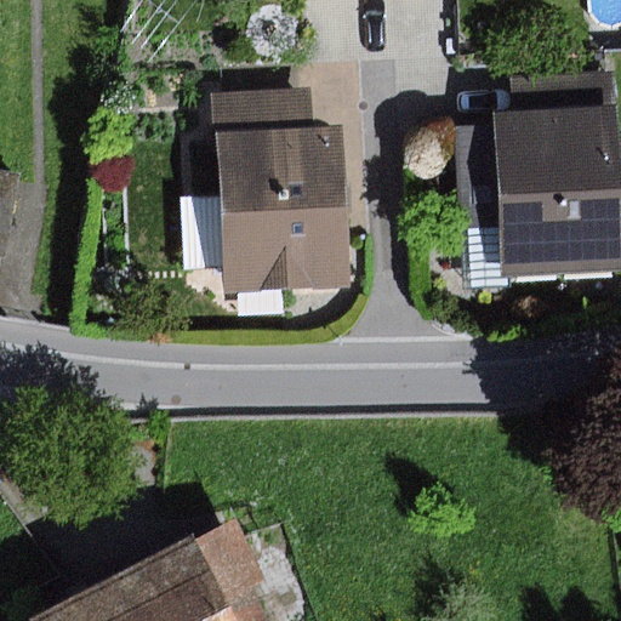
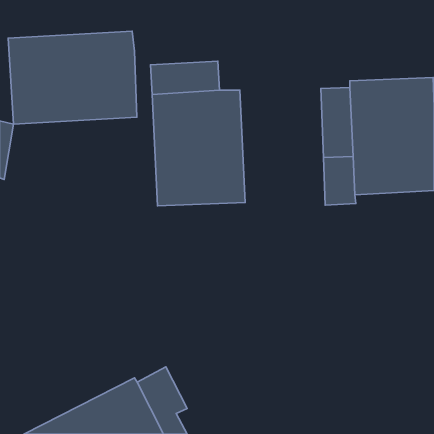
building: none -> [8,31,137,124]

